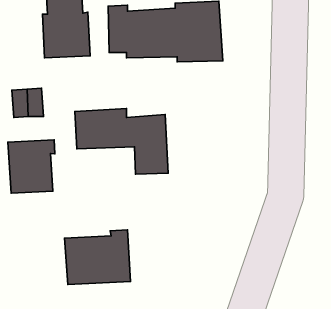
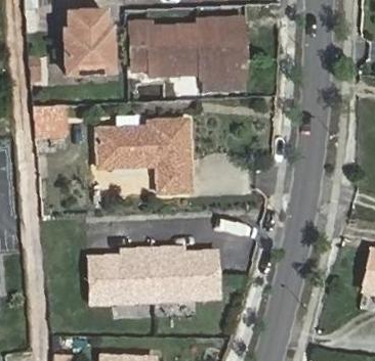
building: [8,140,55,193] -> none
building: none -> [151,247,217,301]

